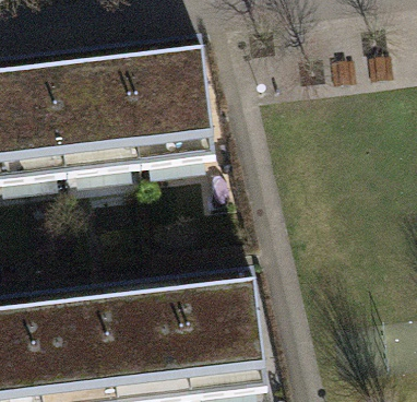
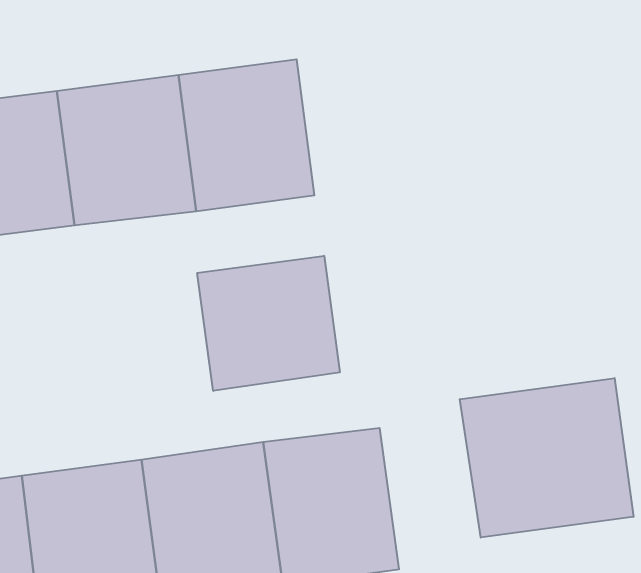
building: none -> [197,256,340,391]
building: none -> [460,378,633,538]

